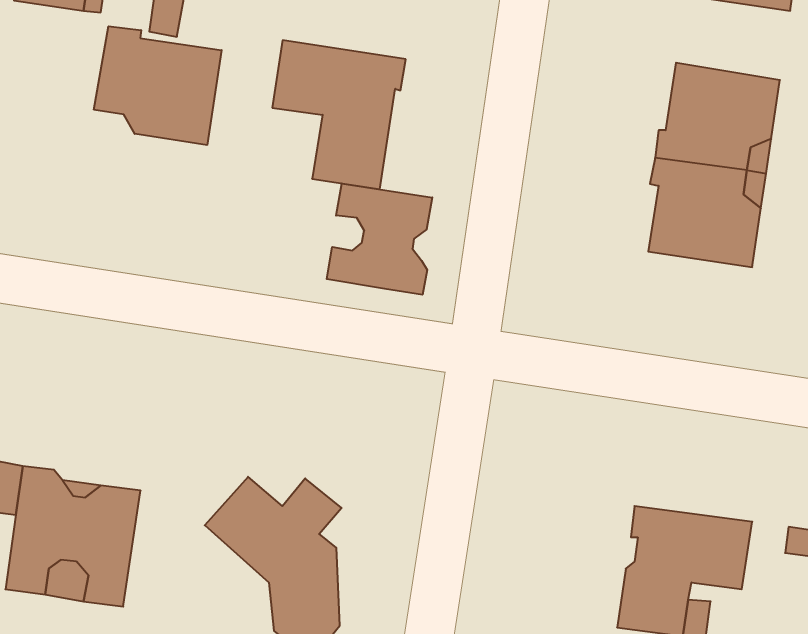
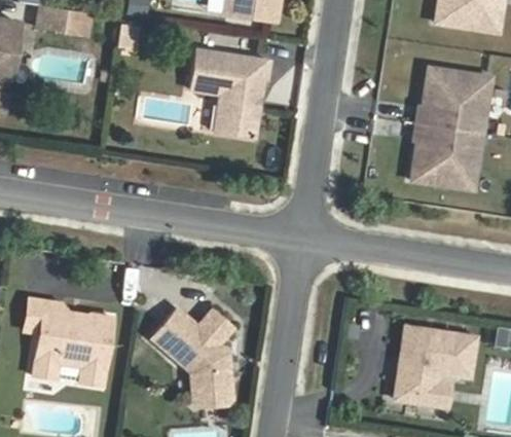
building: [94,26,222,145] -> none
building: [327,183,432,295] -> none

